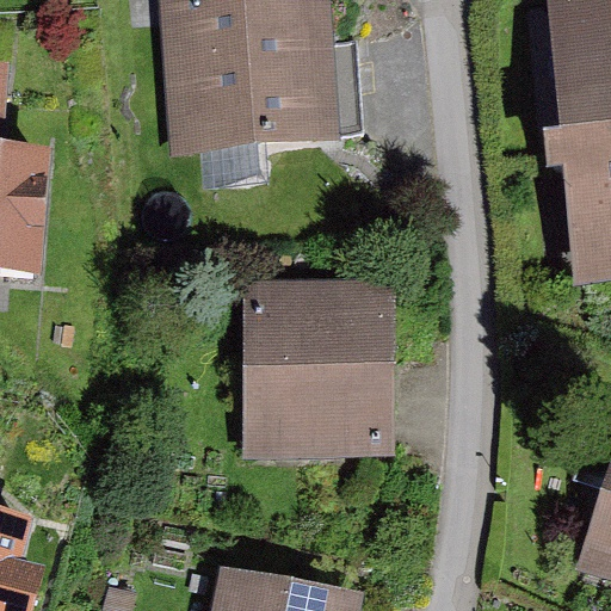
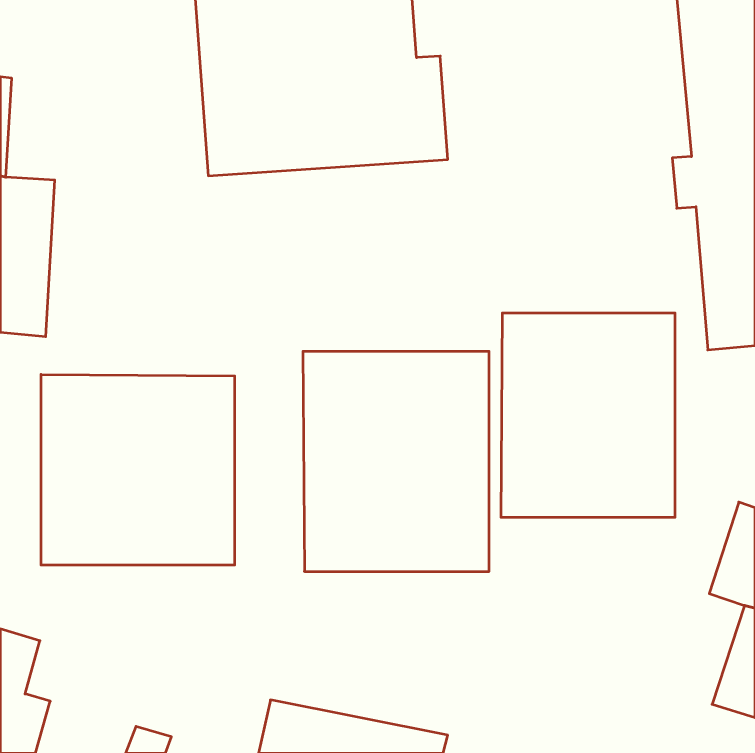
building: none -> [501,313,675,517]
building: none -> [41,374,235,565]

